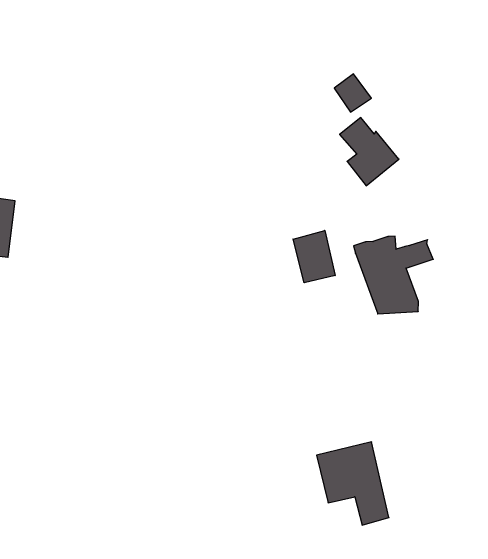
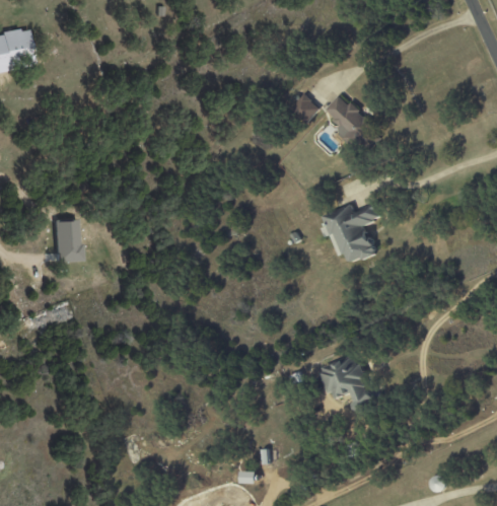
building: [340,118,399,186] -> [326,95,370,143]
building: [293,230,335,283] -> none

